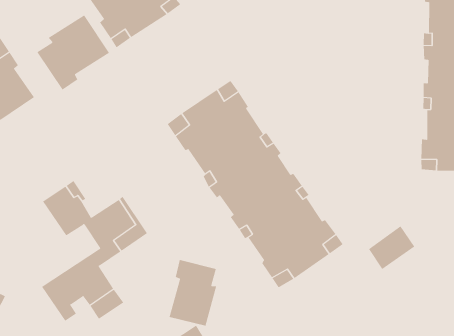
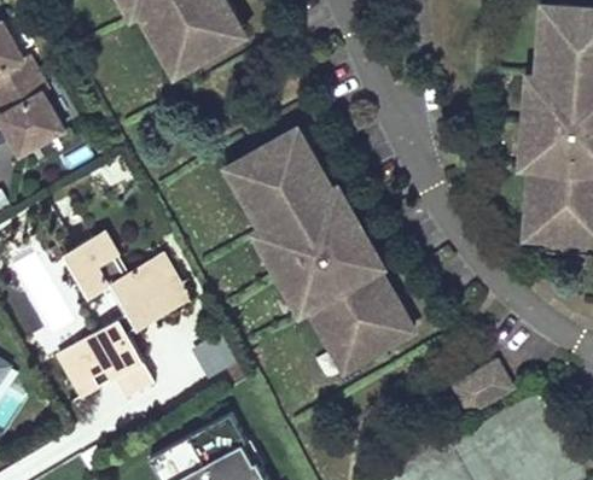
building: [37,14,110,91] -> none
building: [368,226,415,270] -> [457,361,512,411]
building: [169,259,217,327] -> none

